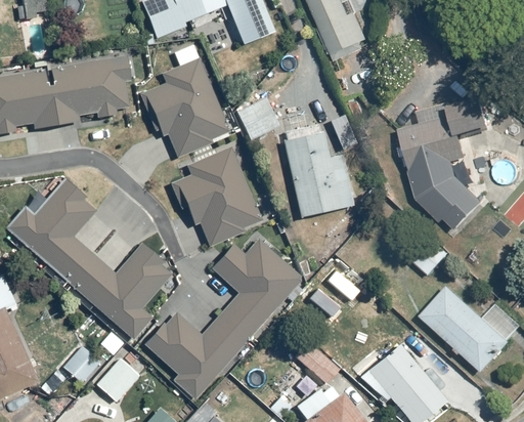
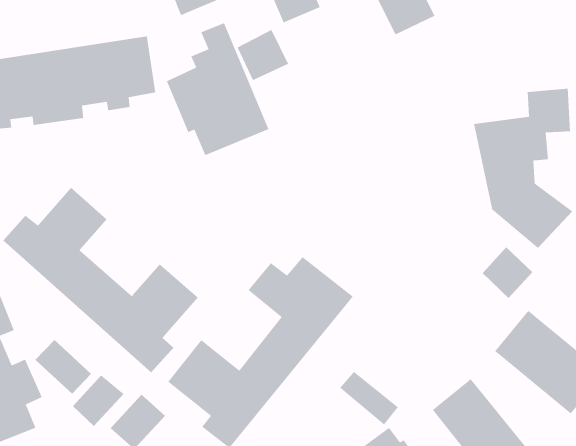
building: [237,96,281,140] -> [237,29,289,81]
building: [283,127,357,217] -> none
building: [179,146,256,243] -> none
building: none -> [35,339,92,395]

